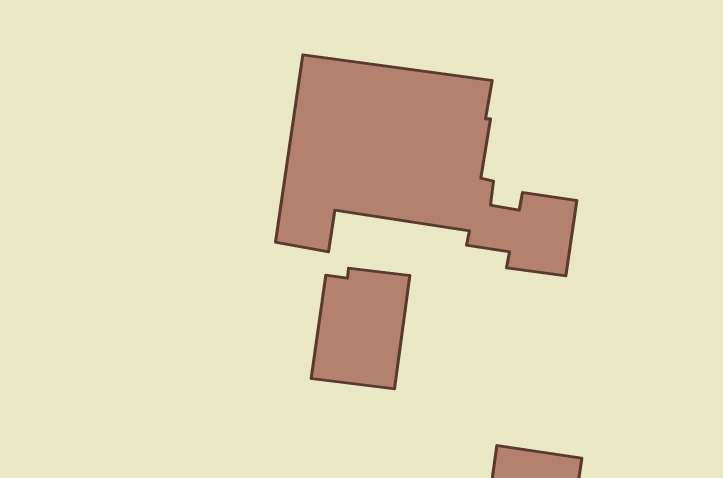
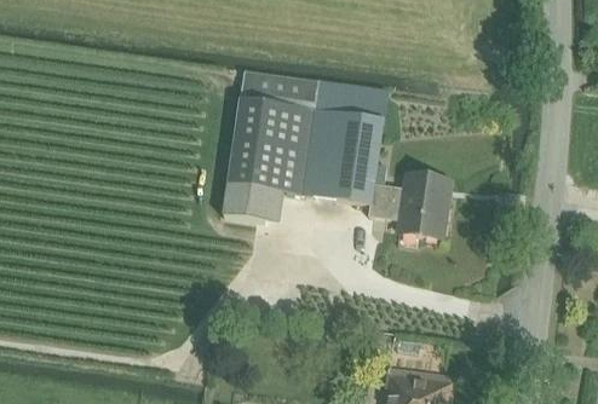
building: [311,268,410,389] -> none

